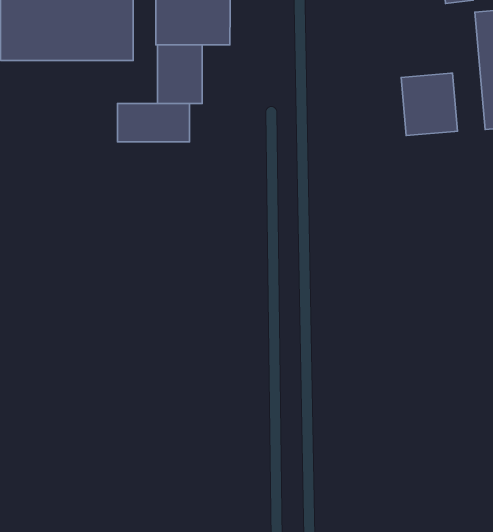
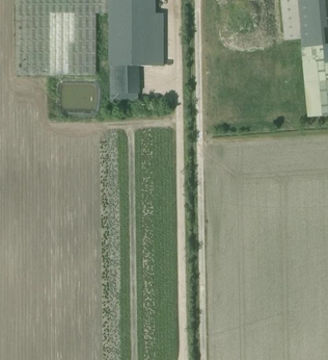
building: [401,73,457,136] -> none
building: [117,104,189,142] -> none

